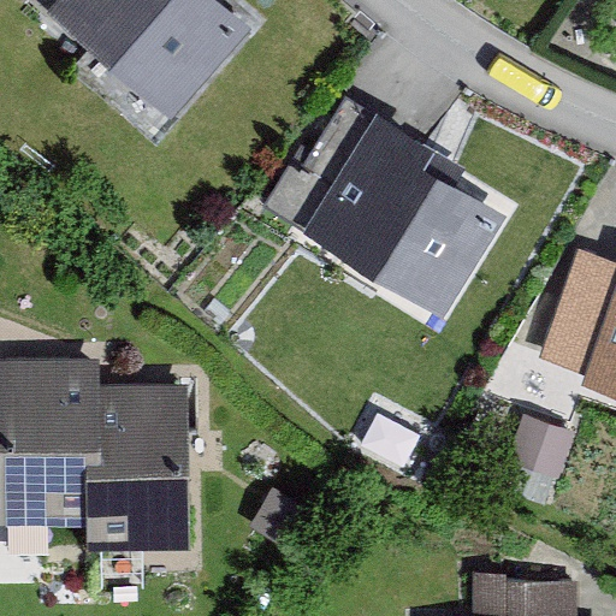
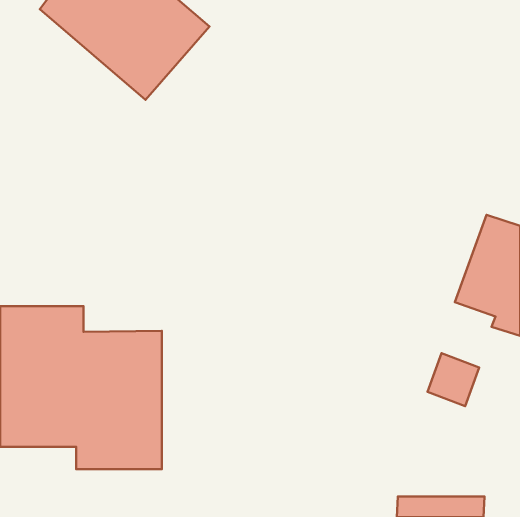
building: [300,117,502,316] -> none

